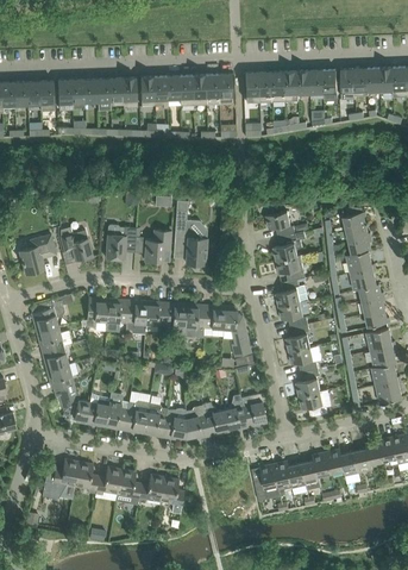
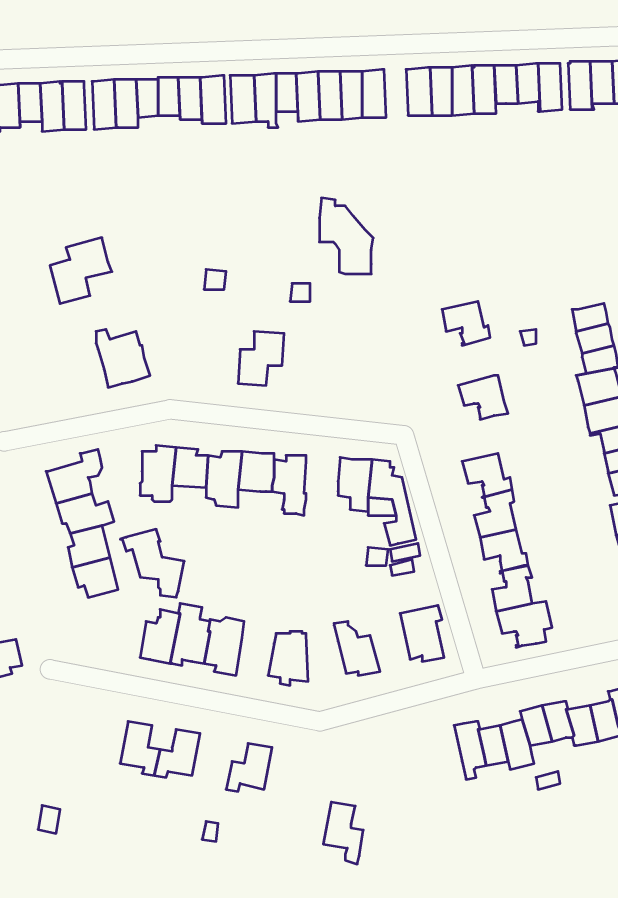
building: [174,219,206,264] -> [319,198,373,274]
building: [105,226,136,259] -> none
building: [272,231,306,262] -> none
building: [19,234,56,274] -> [50,238,112,304]
building: [275,280,307,307] -> none
building: [183,303,205,337] -> none
building: [51,383,89,424] -> [120,529,184,597]
building: [222,394,246,432] -> none
building: [143,402,167,437] -> none
building: [184,405,208,439] -> none
building: [40,459,79,499] -> none
building: [253,464,280,499] -> none
building: [115,469,140,505] -> none
building: [159,477,183,514] -> [323,802,363,864]

